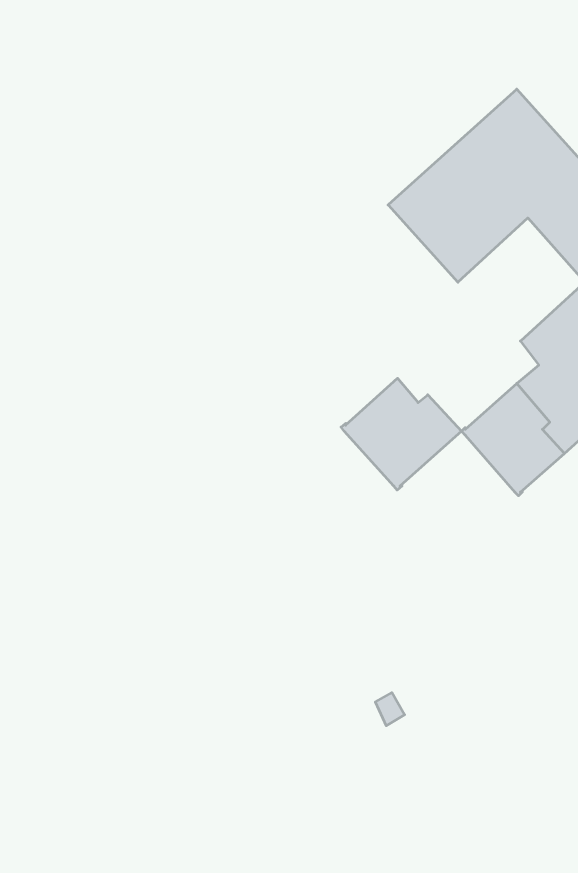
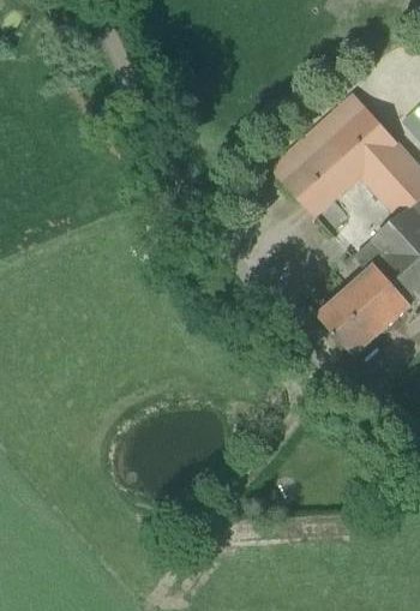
building: [341,378,462,490] -> none

